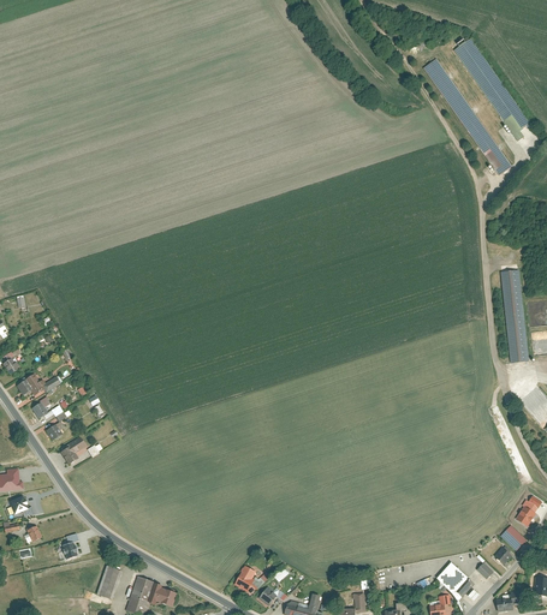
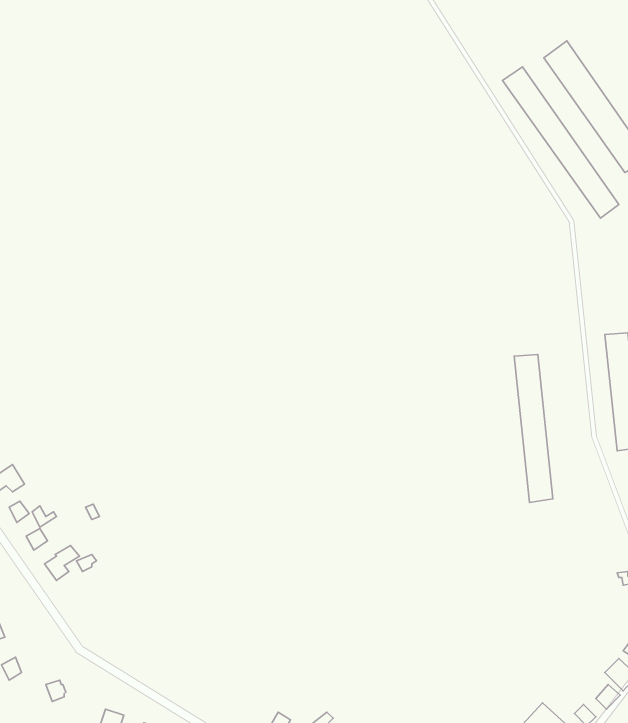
building: none -> [514,354,553,502]

